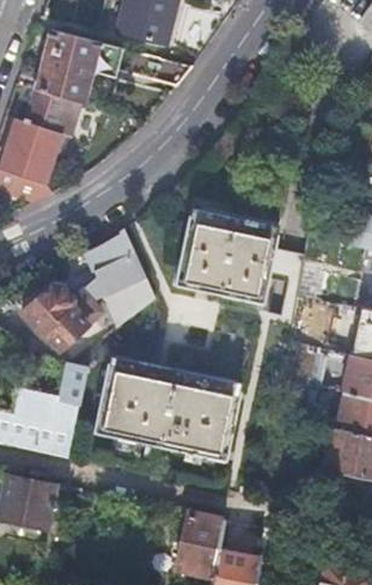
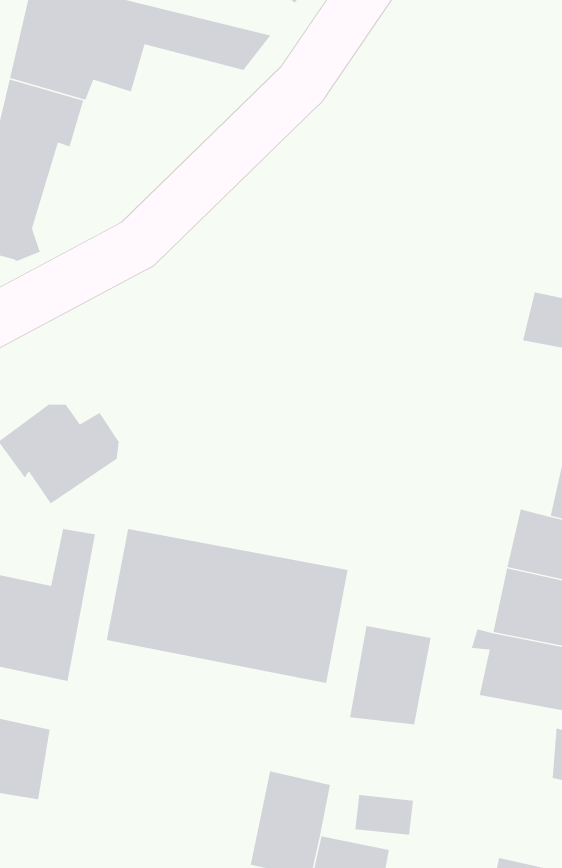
building: [177,215,276,301] -> none
building: [66,228,157,318] -> none
building: none -> [349,625,432,725]

